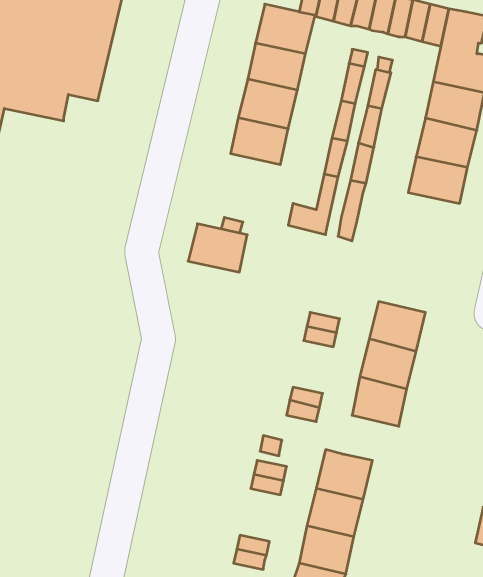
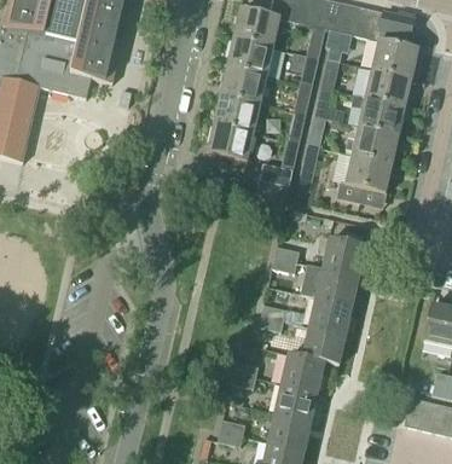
building: none -> [338,153,393,201]
building: [188,224,247,272] -> [208,123,254,161]
building: none -> [302,326,346,365]

